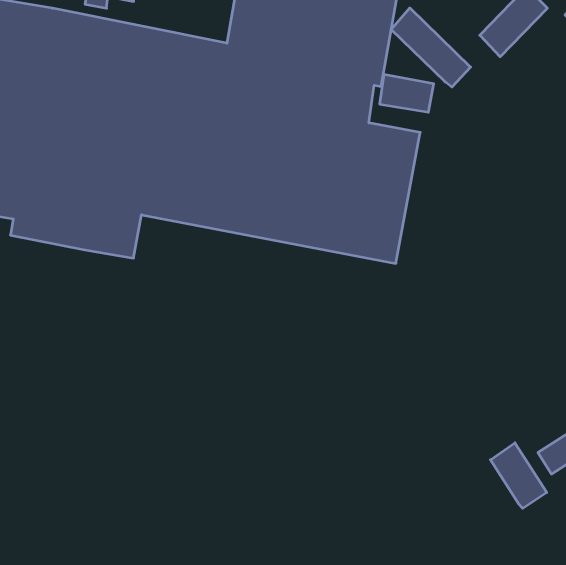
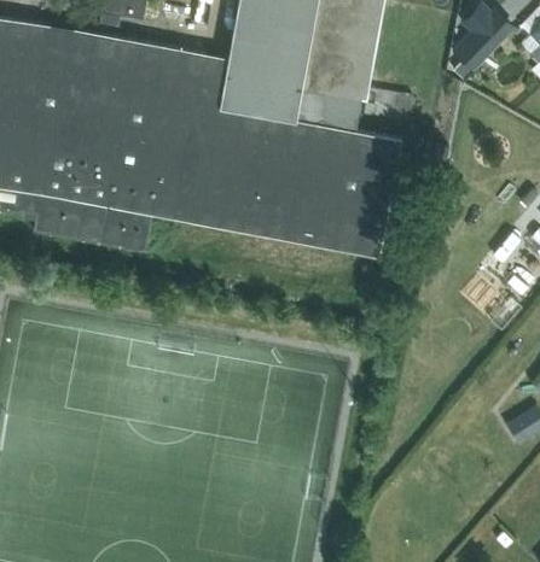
building: [391,8,471,87] -> none
building: [490,443,547,508] -> none

